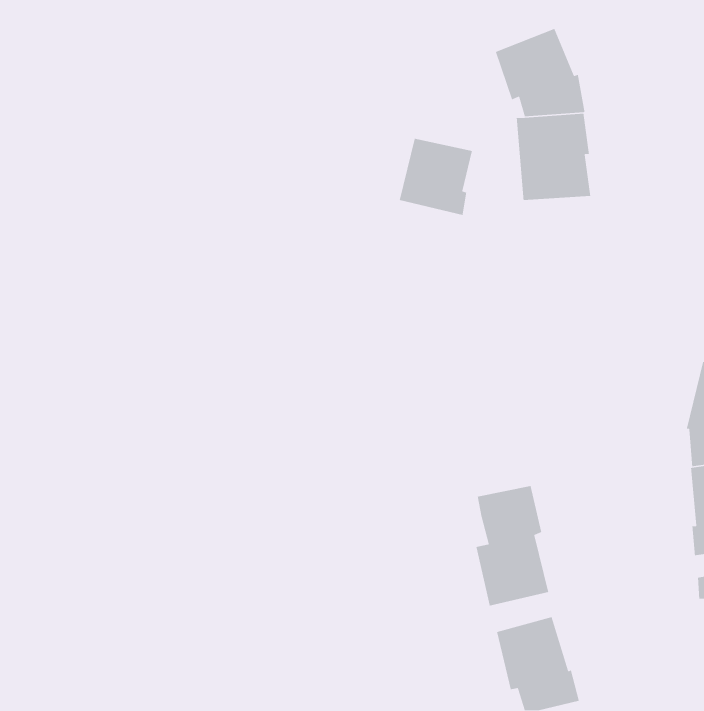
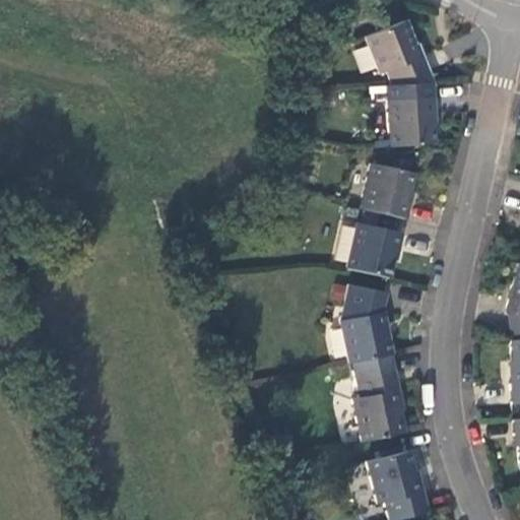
building: [399,138,473,216] -> [362,164,415,220]
building: none -> [347,223,405,278]
building: none -> [342,284,393,363]

